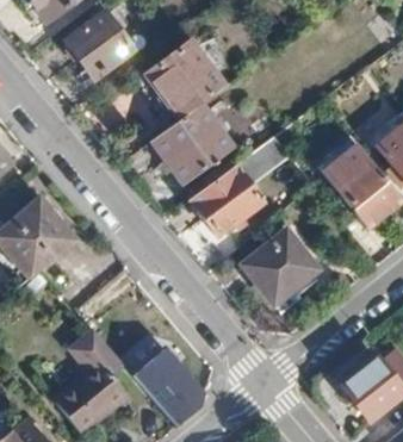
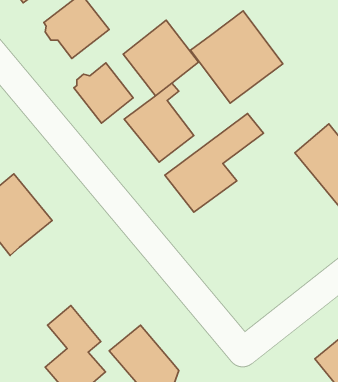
building: none -> [191,11,283,103]
building: none -> [74,63,133,123]
building: [244,230,320,303] -> none

